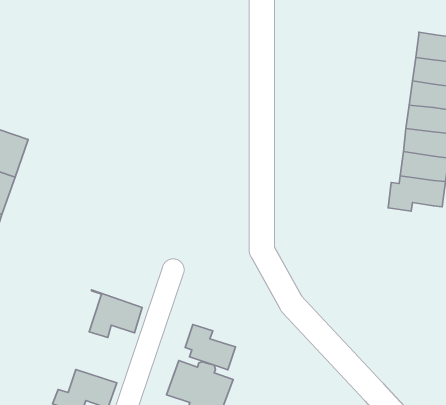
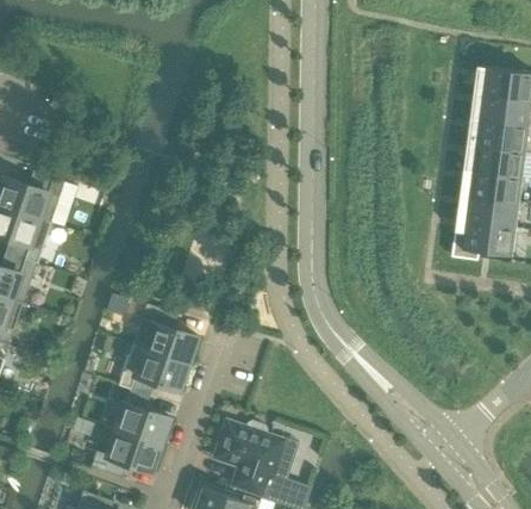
building: none -> [132,304,196,364]
building: [185,325,235,370] -> none
building: none -> [115,390,169,445]

